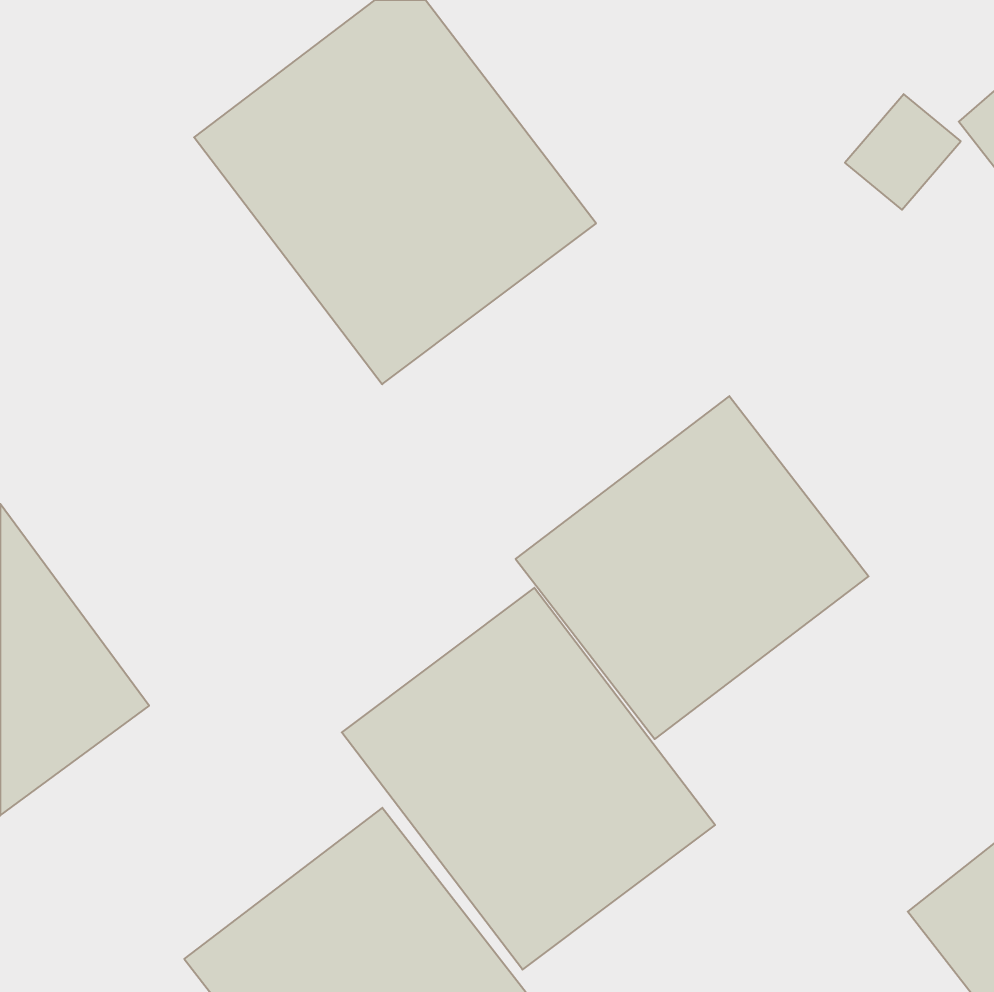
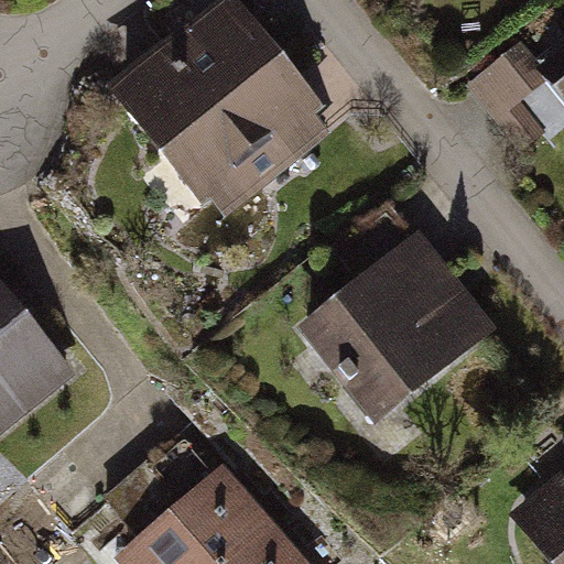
building: [342,588,715,970] -> none

